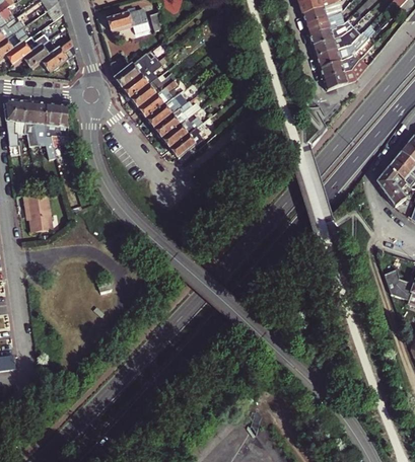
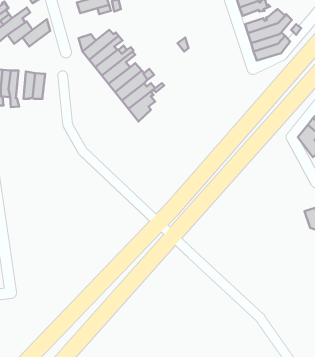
building: [309,22,349,44] -> none
building: [33,100,56,158] -> none
building: [20,191,49,231] -> none

